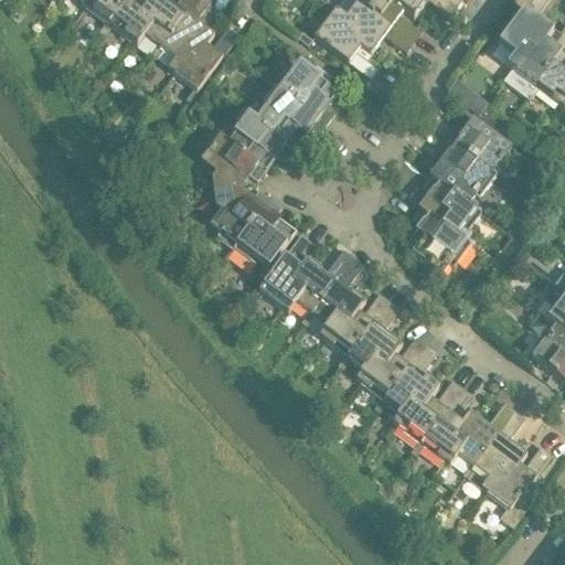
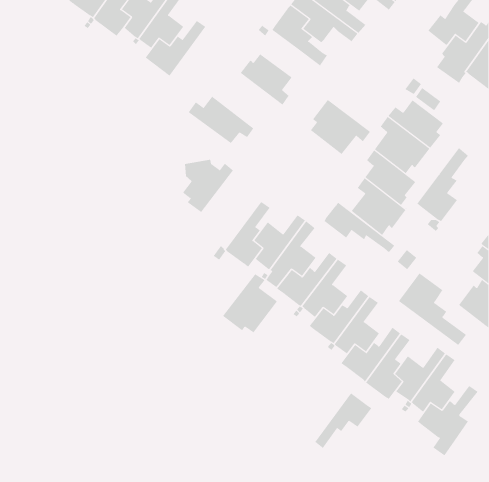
building: [244,84,326,148] -> [300,99,371,155]
building: [201,129,266,189] -> none
building: none -> [416,148,469,222]
building: [232,196,296,265] -> [222,274,278,333]
building: none -> [324,202,395,253]
building: none -> [398,273,467,346]
building: none -> [315,392,372,449]

